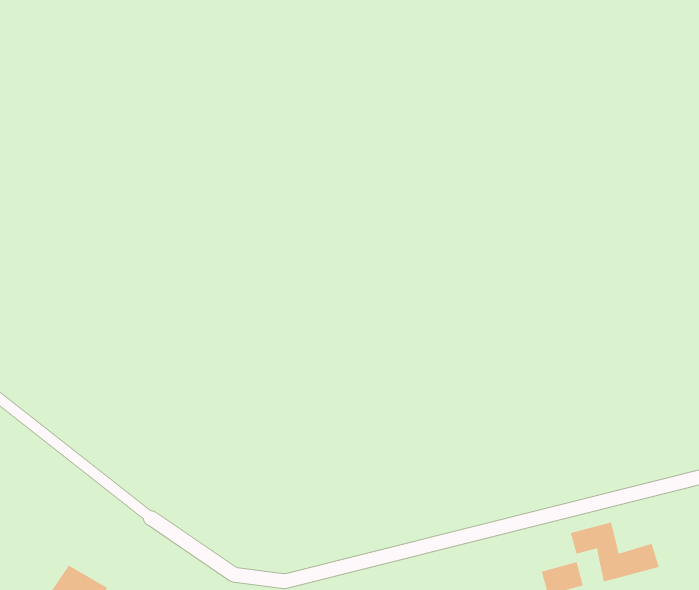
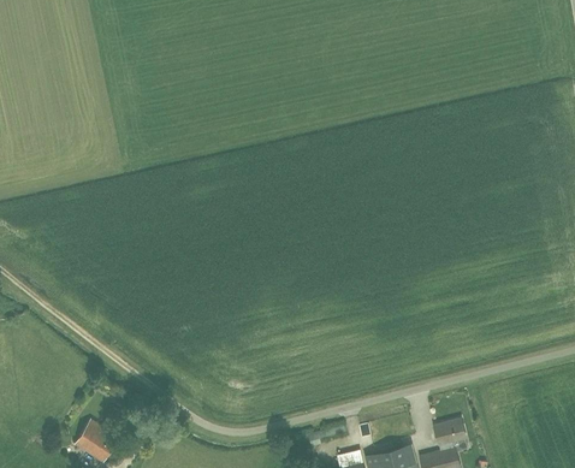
building: [570,521,660,582] -> none

